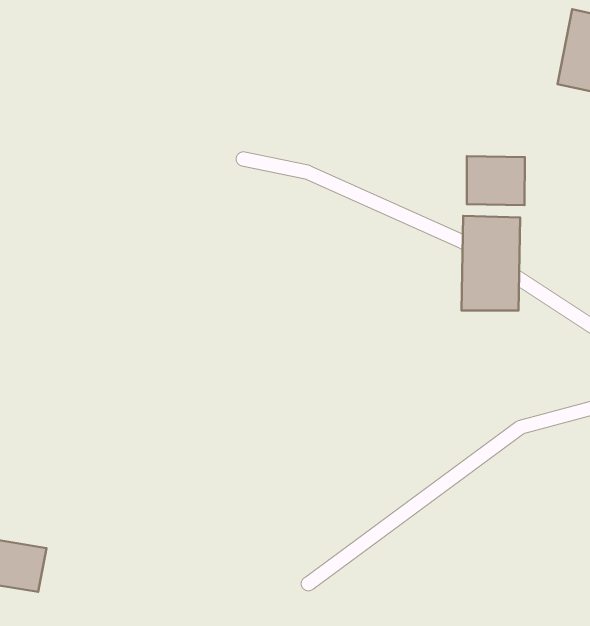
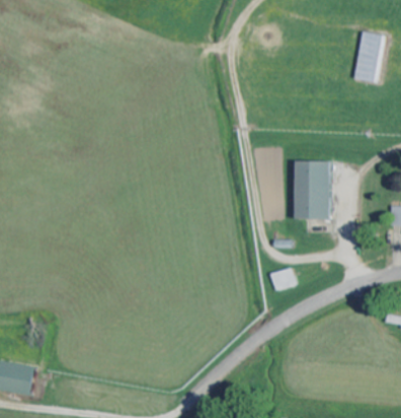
building: [467,156,525,205] -> none
building: none -> [269,268,296,291]

